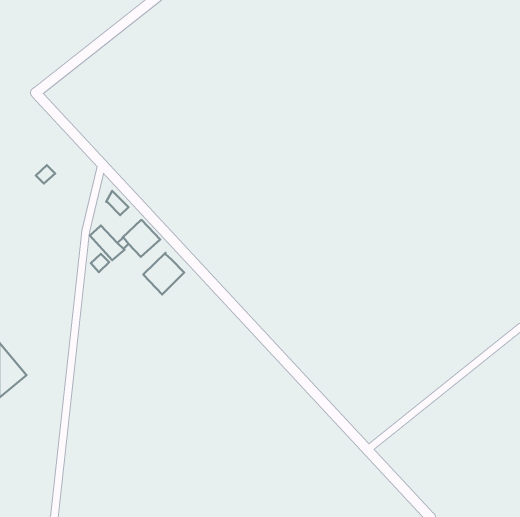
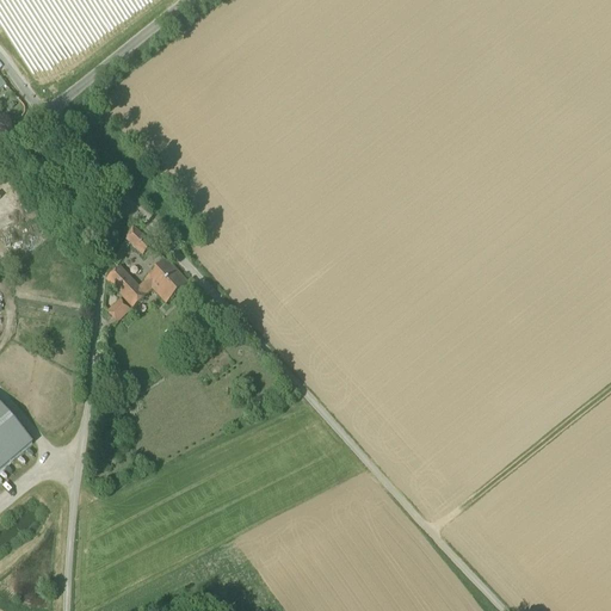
building: [144,253,184,295] -> none

